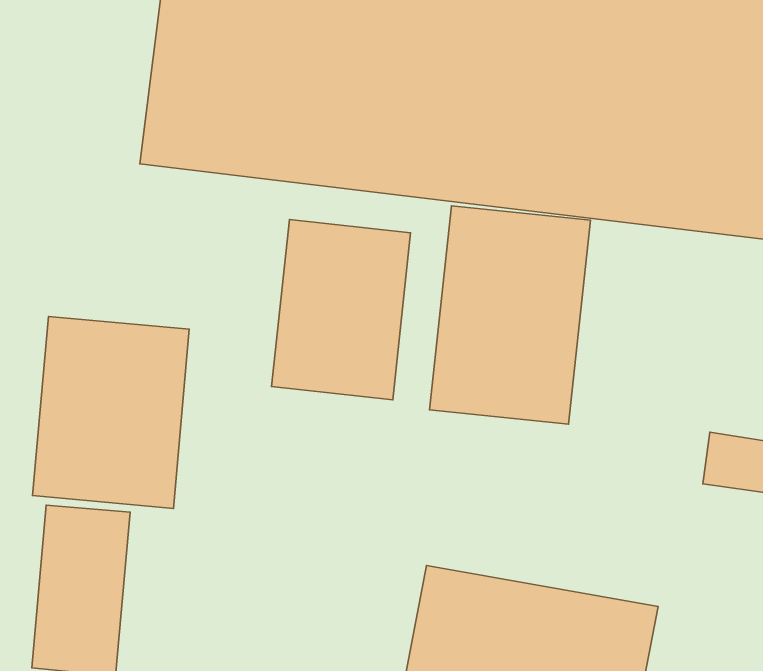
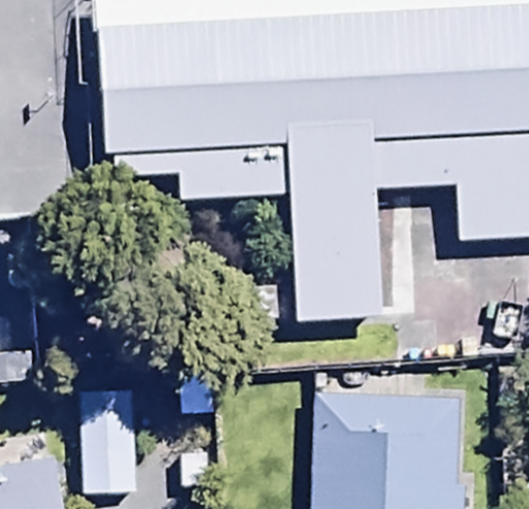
building: [272,219,411,400] -> none
building: [32,316,189,508] -> none

